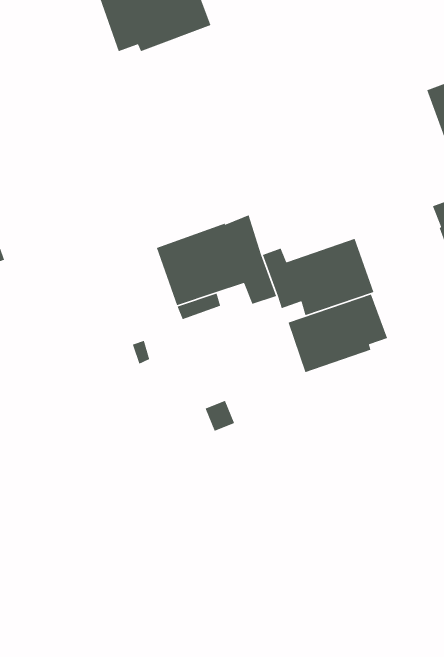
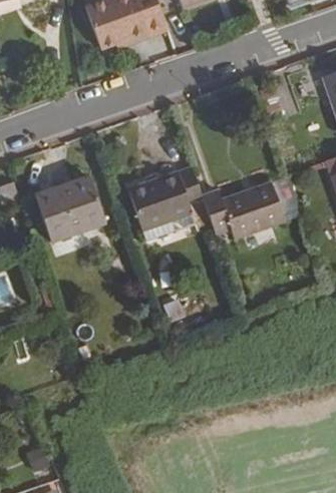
building: none -> [34,175,105,241]
building: [287,293,388,373] -> none

